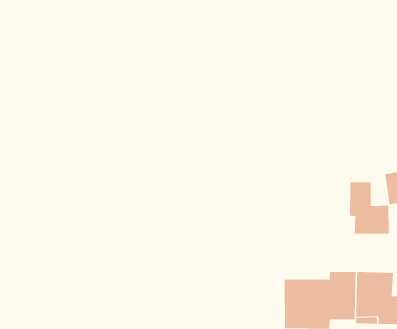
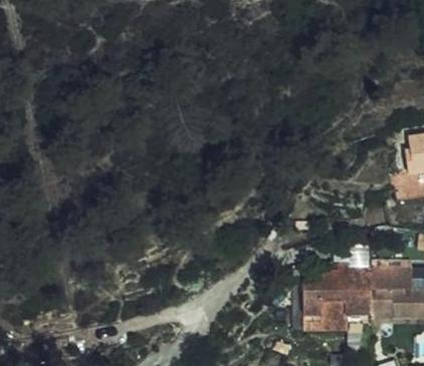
building: [349,181,389,235] -> none

